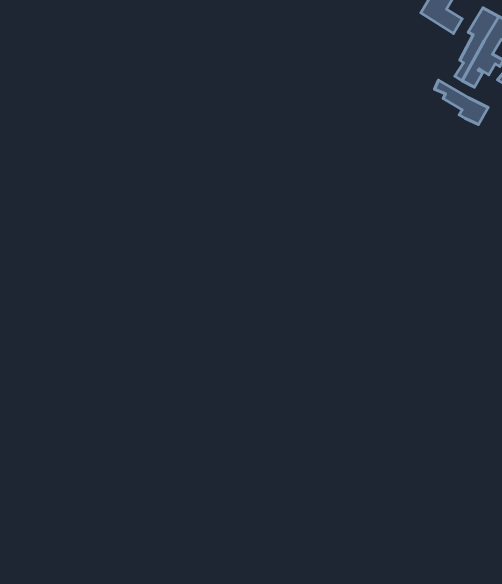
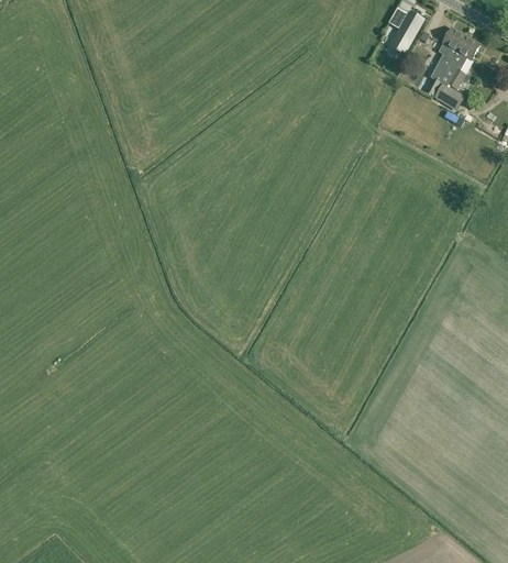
building: [434,80,488,125] -> none

